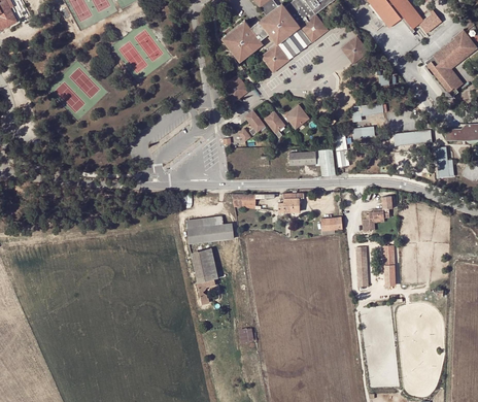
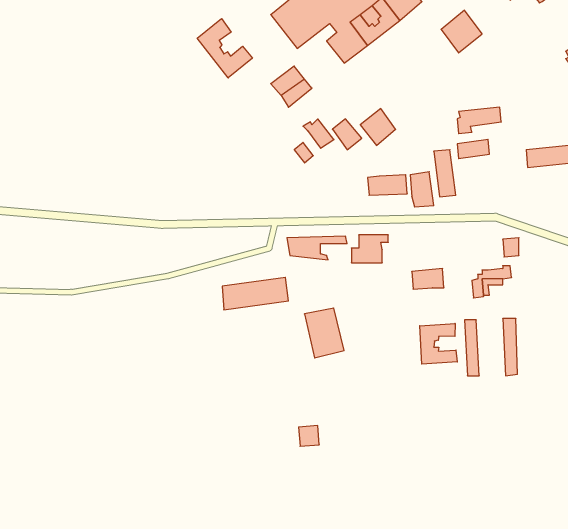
building: none -> [197,19,252,78]
building: [191,248,218,283] -> [304,308,344,358]
building: none -> [420,323,457,364]

